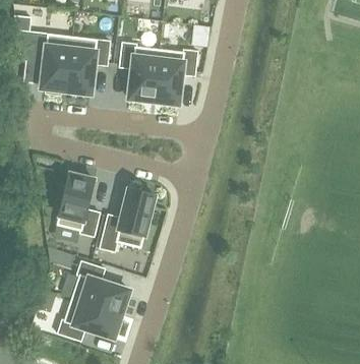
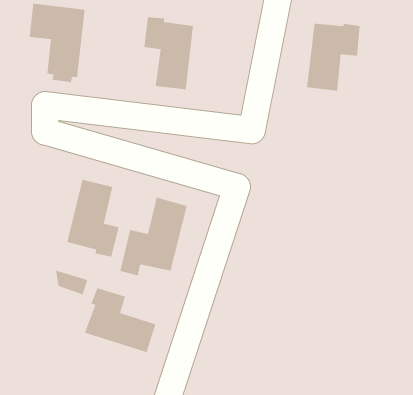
building: [65,36,109,94] -> none
building: [153,49,196,104] -> [306,23,360,91]
building: [56,297,121,341] -> none

